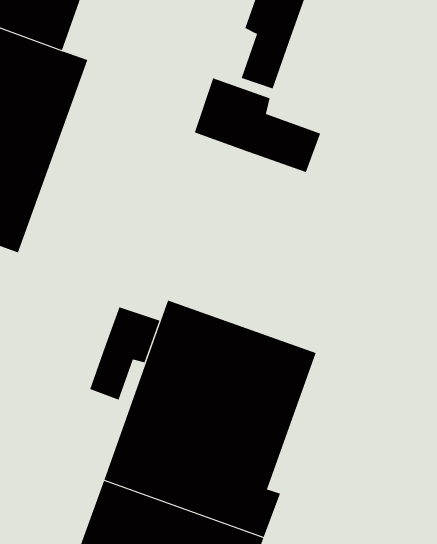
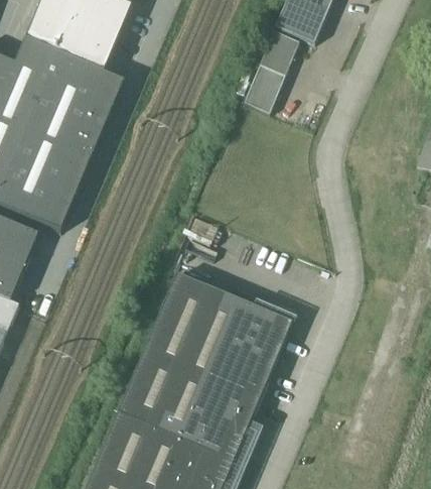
building: [194,77,321,173] -> none
building: [89,307,160,401] -> none

